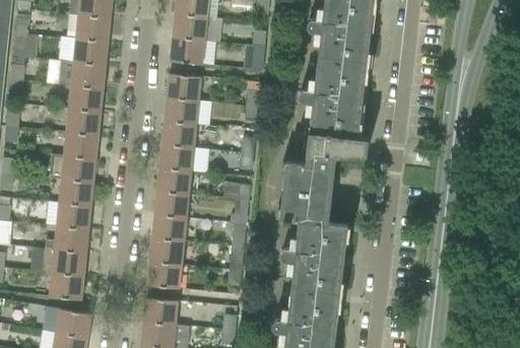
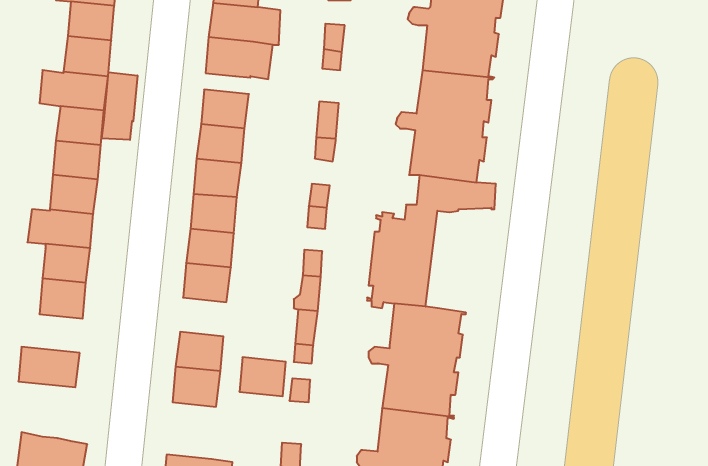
building: none -> [102,72,137,140]
building: [153,215,185,241] -> [239,357,286,396]
building: [46,226,87,253] -> none
building: [44,272,82,299] -> none
building: [144,298,177,325] -> none

